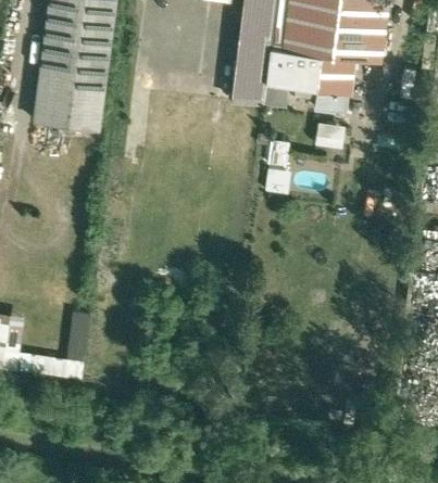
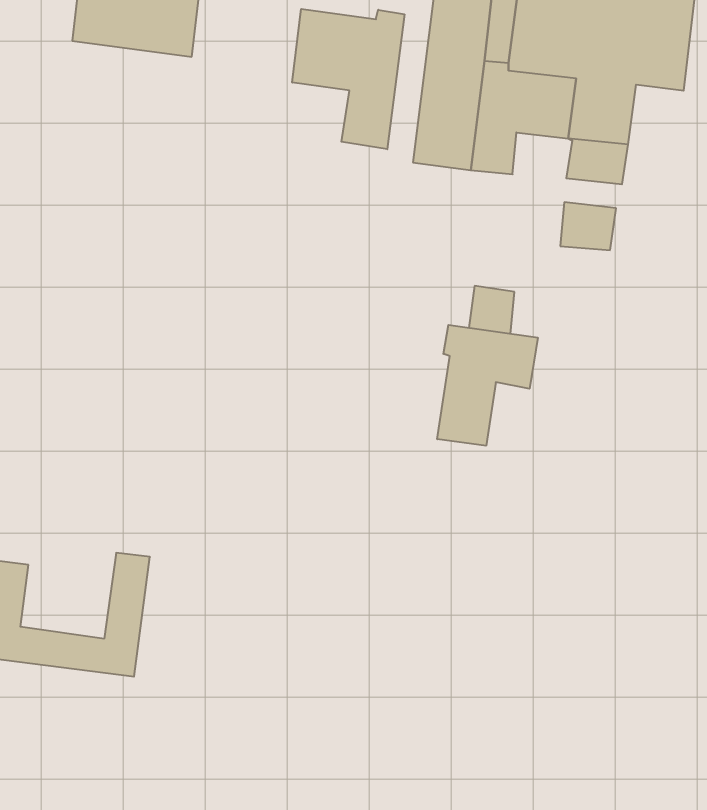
building: none -> [292,9,404,149]
building: [34,33,111,128] -> none
building: none -> [437,325,538,446]

